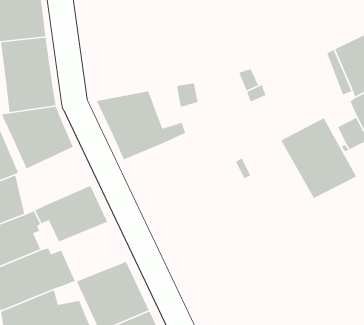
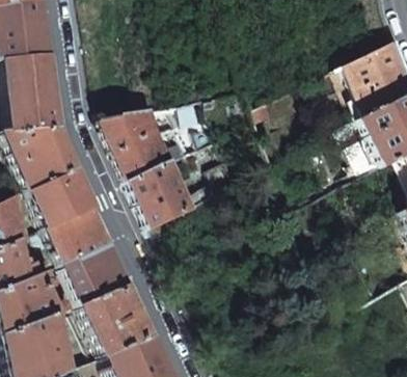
building: [280,117,357,199] -> none
building: none -> [129,161,217,227]
building: none -> [29,167,96,227]
building: none -> [62,244,132,304]

